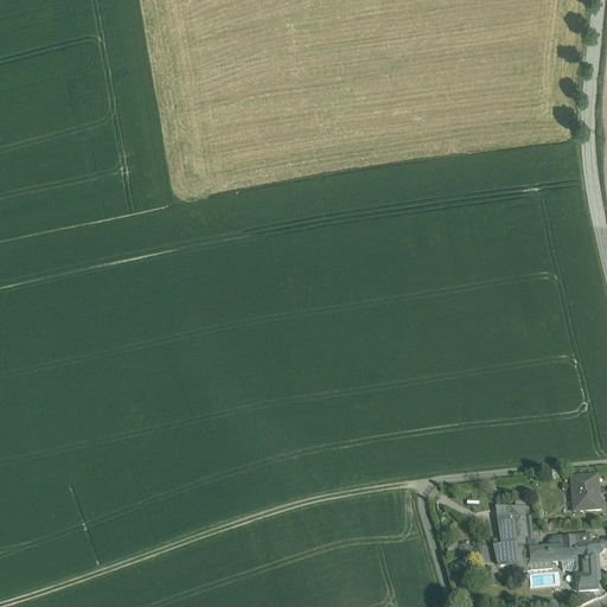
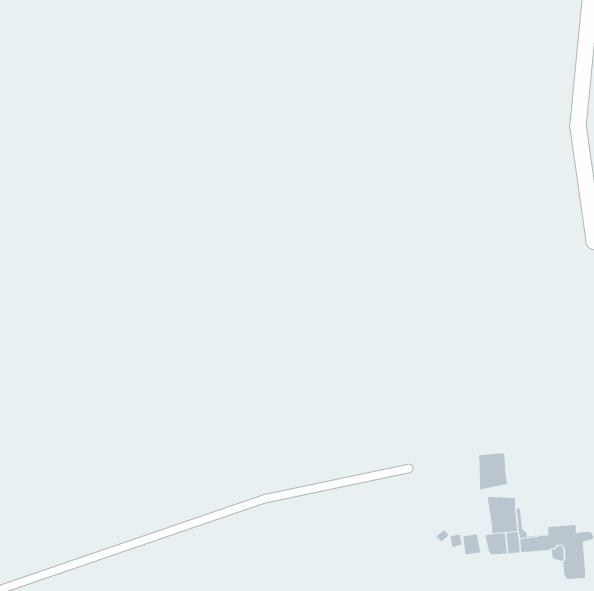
building: none -> [478,453,508,490]
building: [570,474,599,509] -> none

